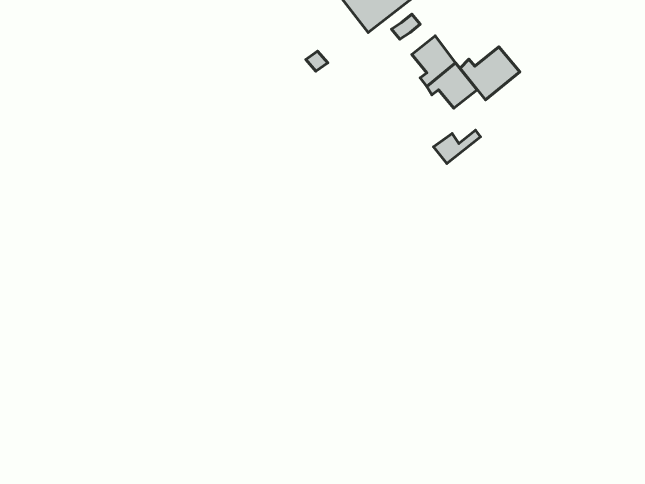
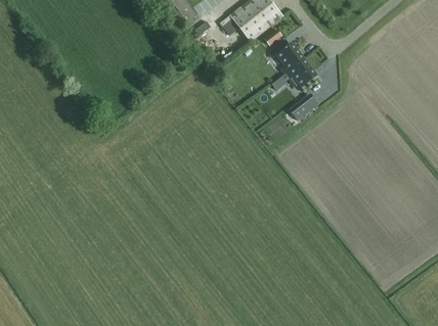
building: [460,47,520,100] -> none

